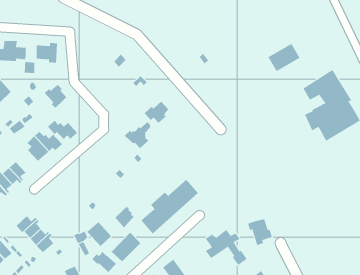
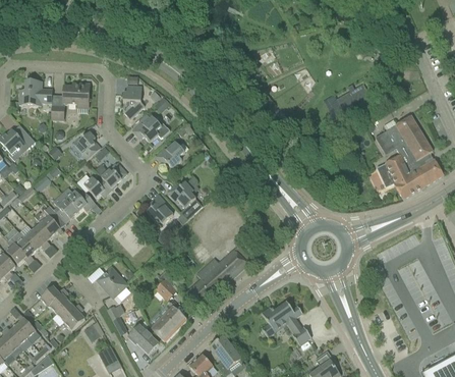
building: none -> [122,85,144,118]
building: none -> [131,115,169,142]
building: [144,101,169,124] -> [155,141,184,167]
building: none -> [96,162,126,188]
building: none -> [146,194,172,223]
building: none -> [40,205,65,235]
building: [247,218,272,246] -> none
building: [86,222,112,247] -> [97,267,126,297]

